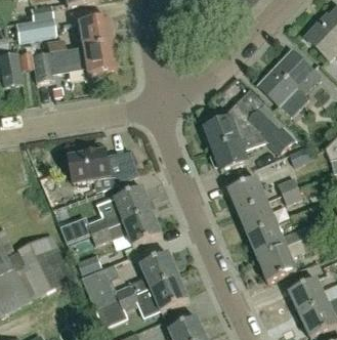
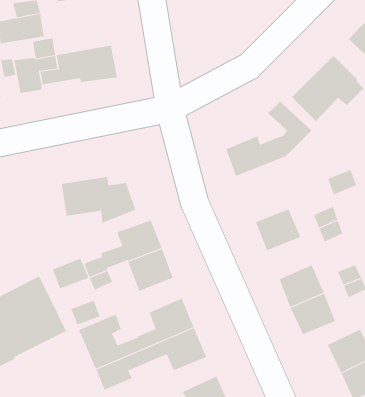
building: [77,16,111,47] -> none
building: [211,113,293,171] -> none
building: [239,201,277,236] -> none

